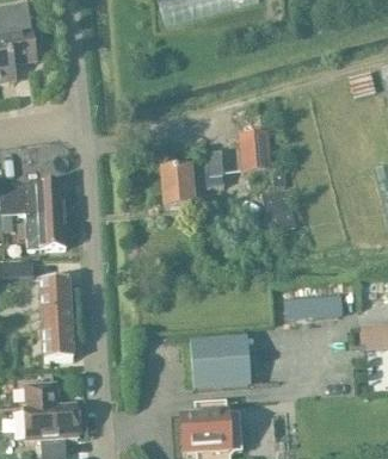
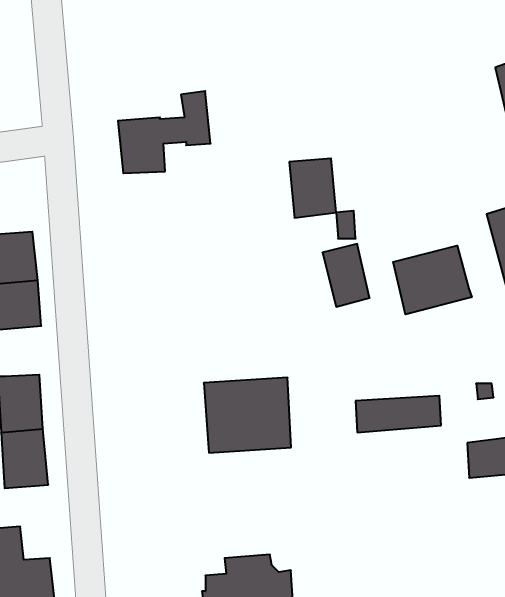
building: [161,150,224,206] -> [118,91,211,173]
building: none -> [393,246,472,314]
building: [191,337,251,389] -> [204,378,291,453]

